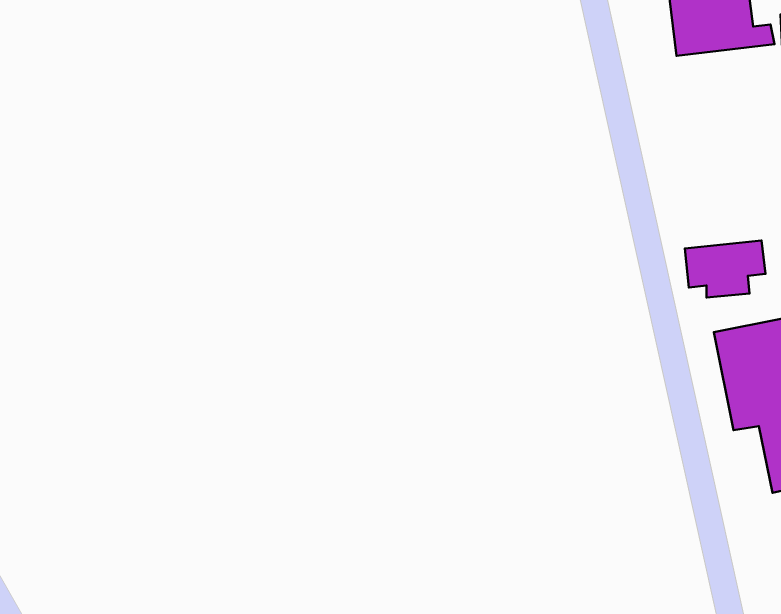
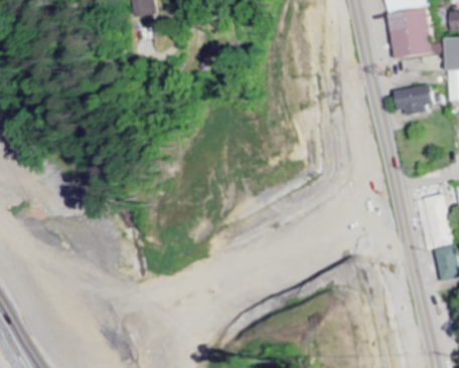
building: [685,241,765,297] -> [397,85,438,115]

